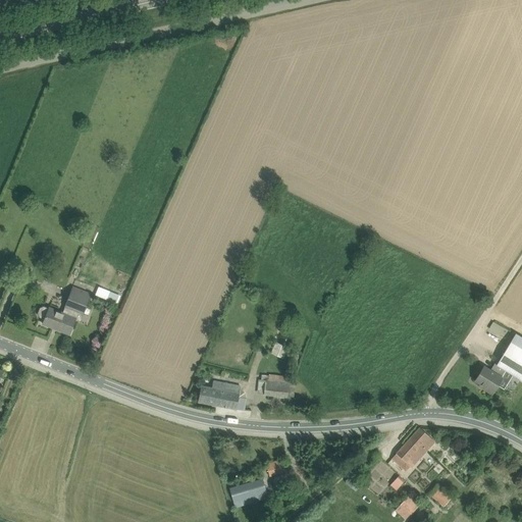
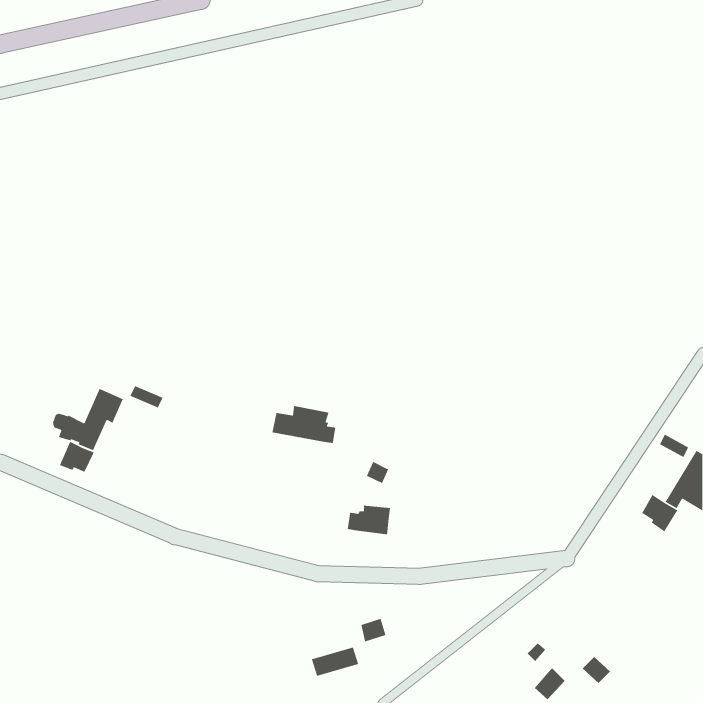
building: none -> [59,441,95,473]
building: [198,381,246,410] -> [272,405,336,444]
building: [392,427,435,471] -> none

